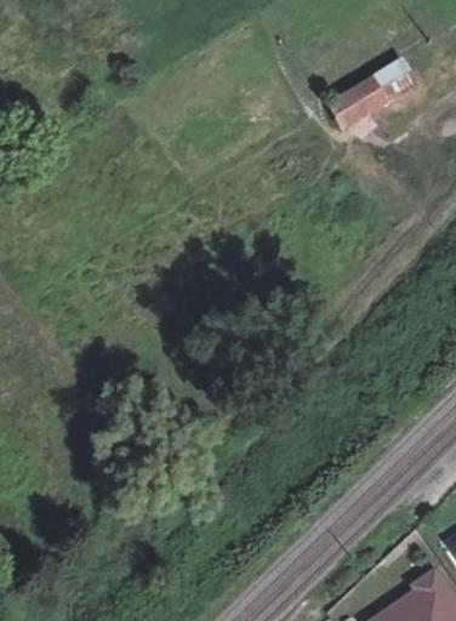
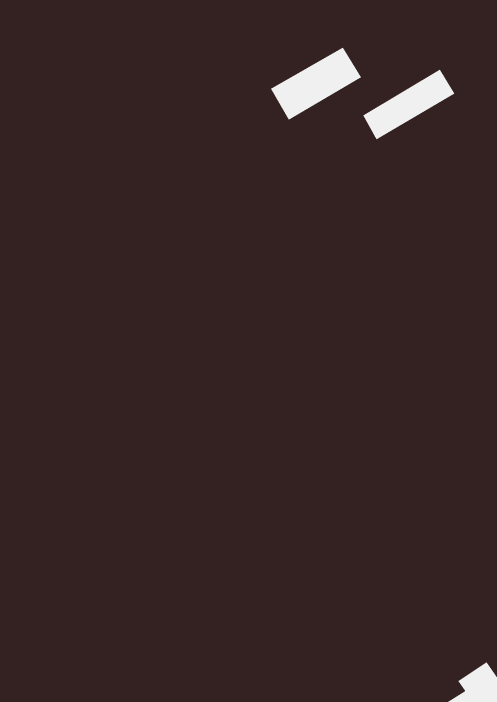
building: none -> [270,47,362,121]

